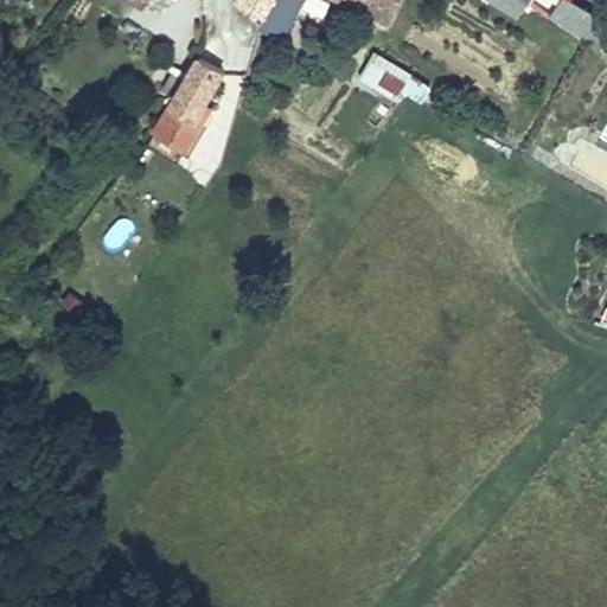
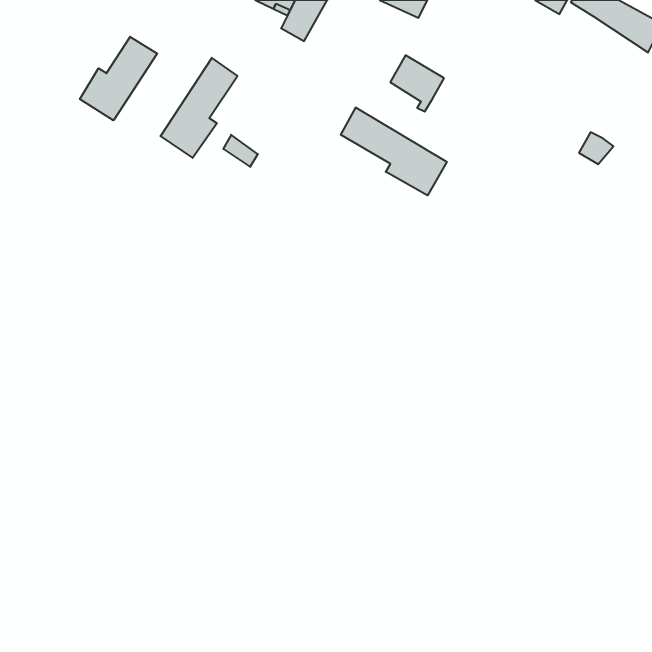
building: none -> [80,37,157,120]
building: none -> [341,107,447,195]

